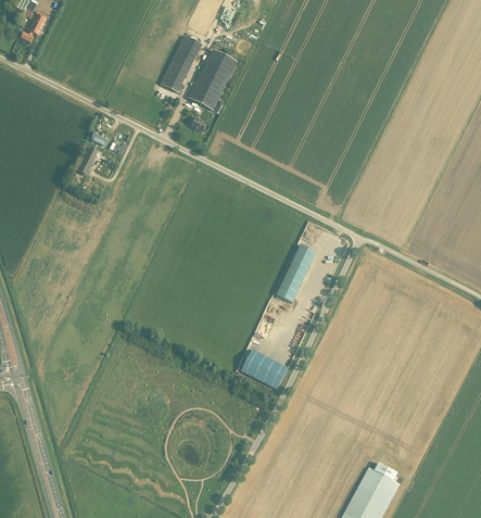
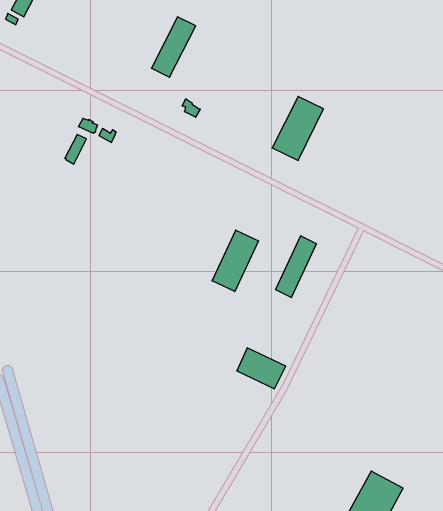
building: [187,49,236,110] -> [272,96,323,160]
building: none -> [212,230,258,292]

